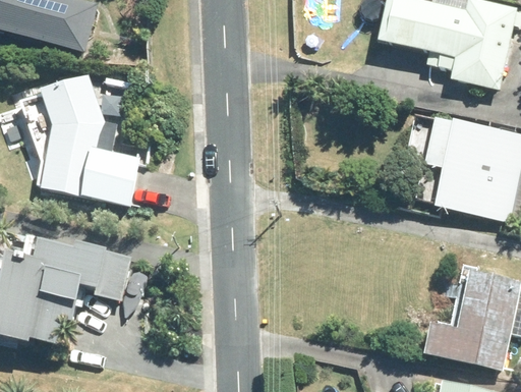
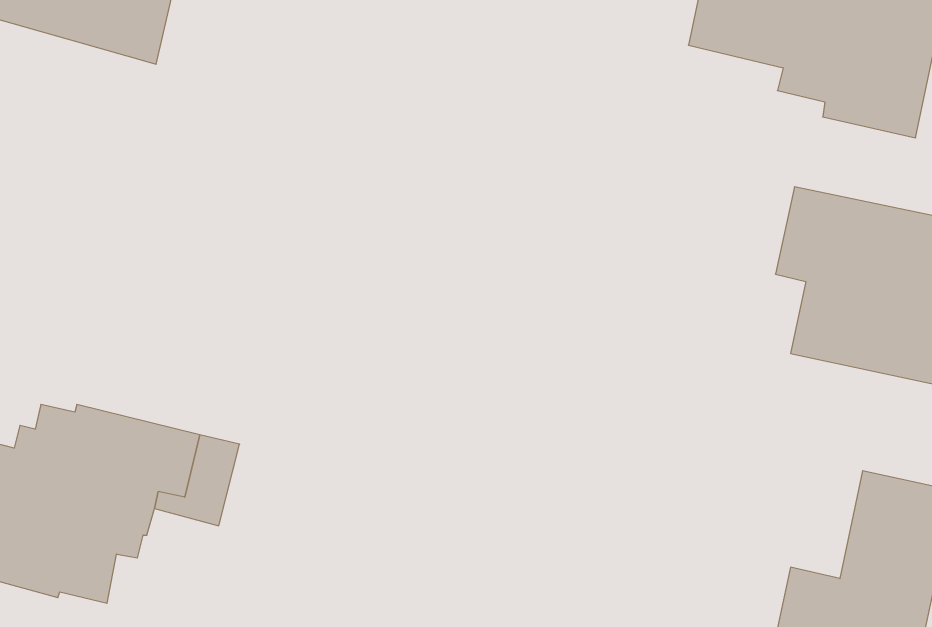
building: [12,74,135,208] -> none

